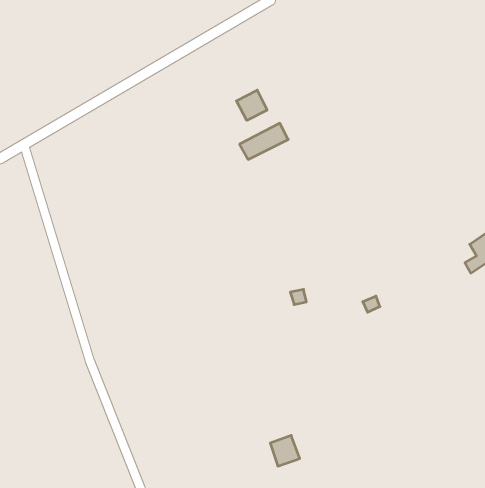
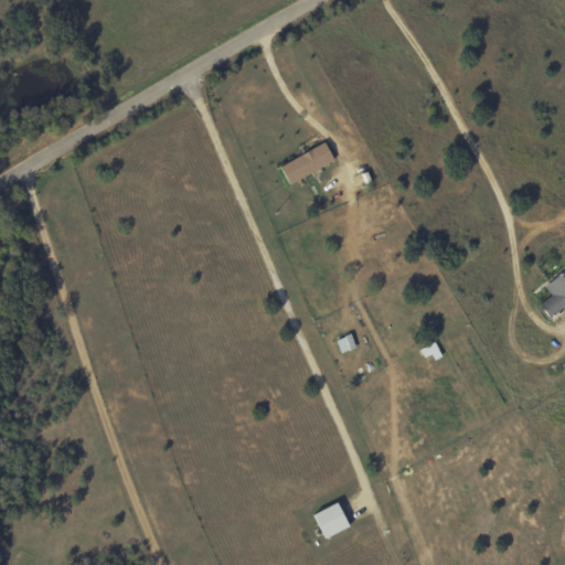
building: [236,90,267,120] -> none

